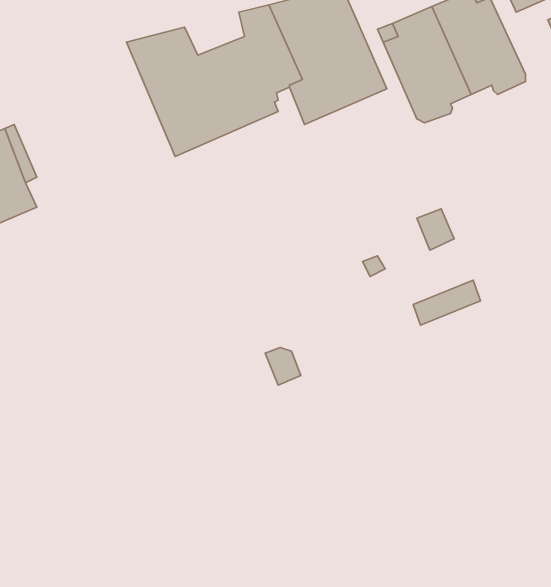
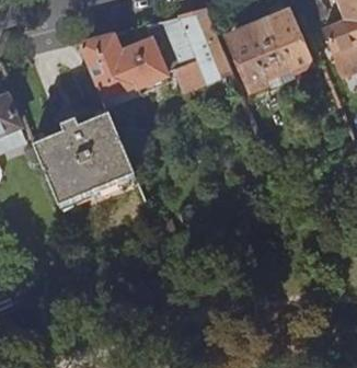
building: none -> [37,113,137,206]

